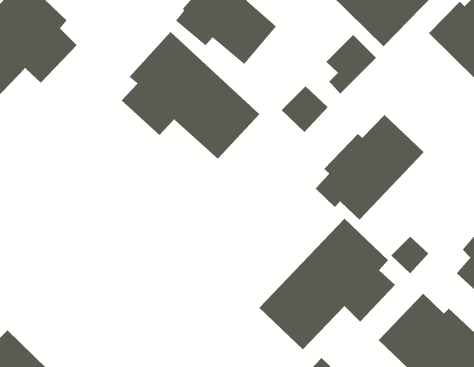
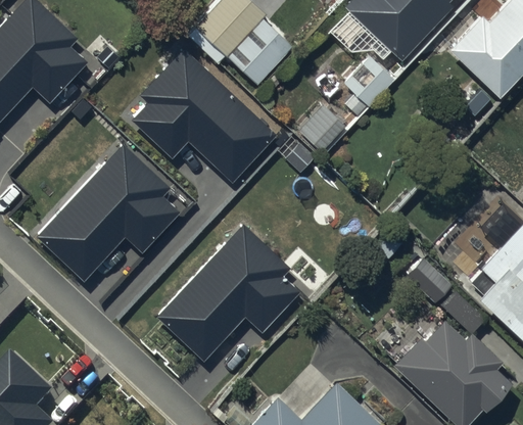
building: [315,114,425,220] -> none
building: none -> [36,144,179,281]
building: [259,218,396,350] -> [155,223,297,360]

